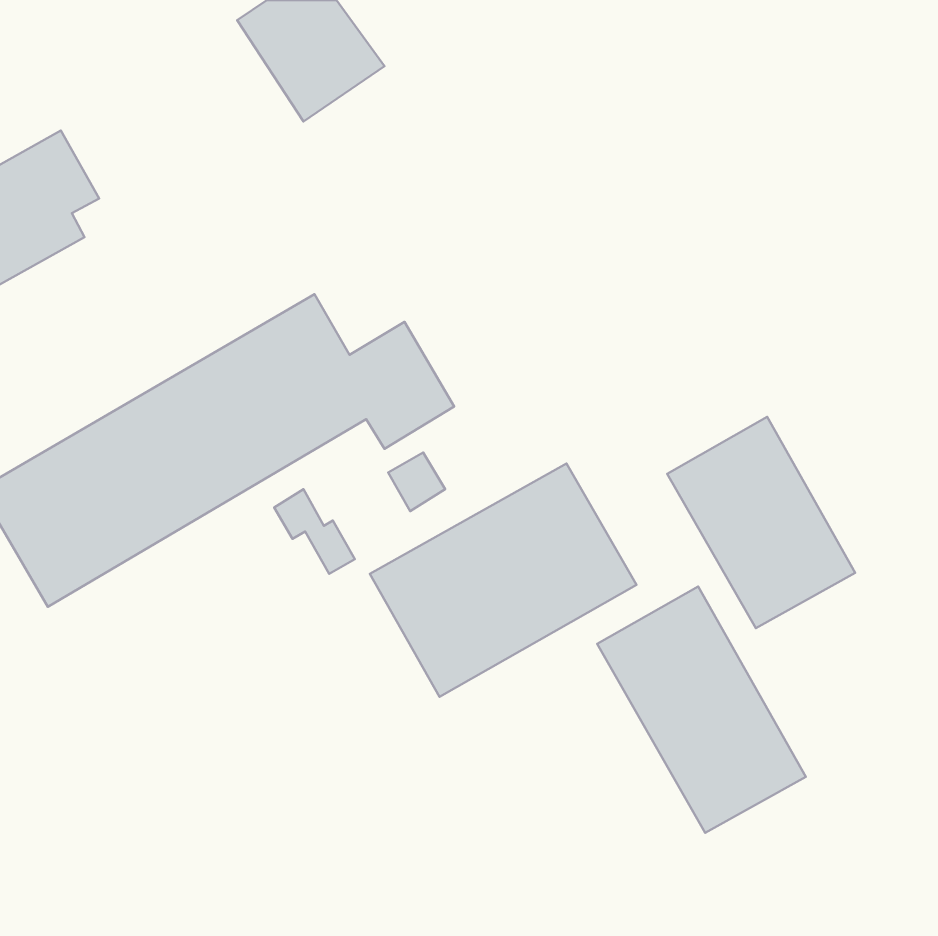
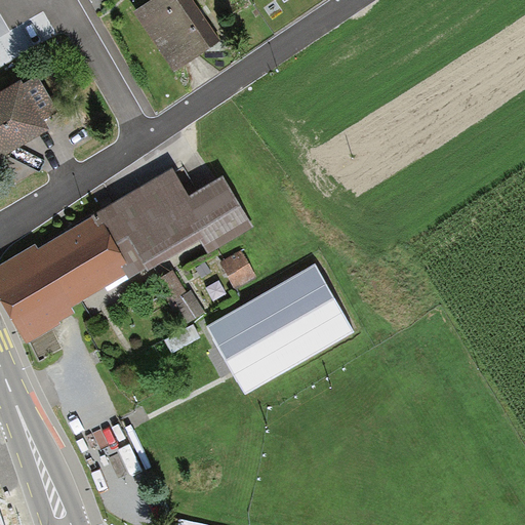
building: [667,417,855,628] -> none
building: [597,586,806,833] -> none

